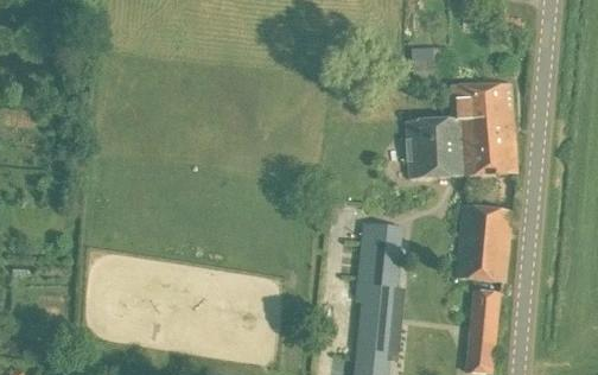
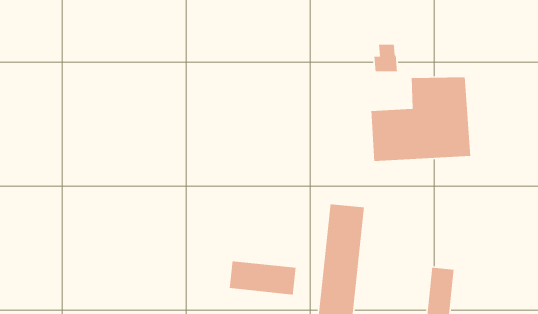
building: [457,205,513,281] -> none
building: none -> [229,260,297,295]

